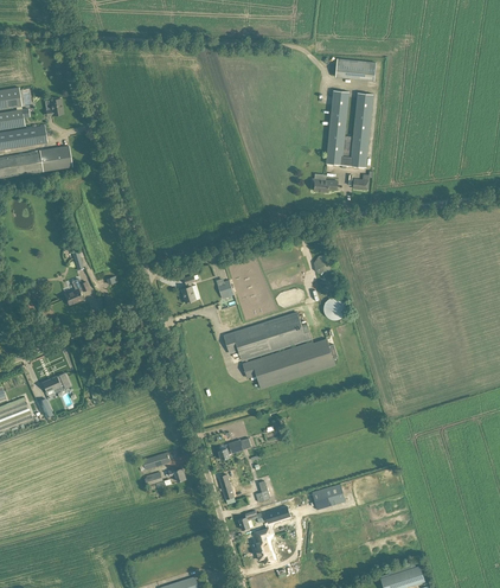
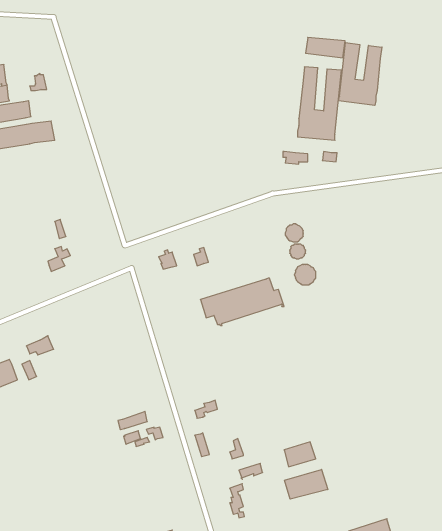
building: none -> [338,43,382,105]
building: [243,338,338,389] -> none
building: none -> [284,469,328,499]

